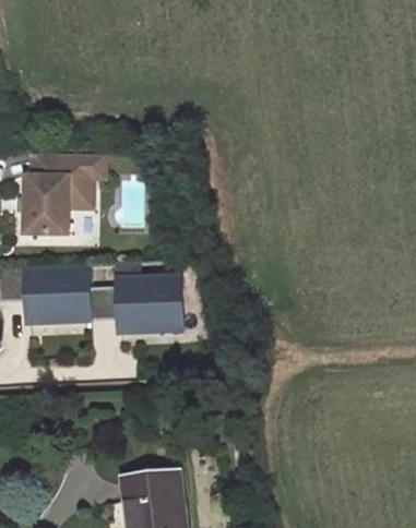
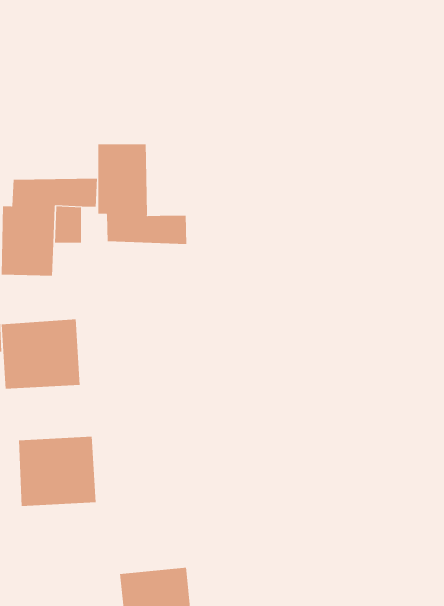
building: none -> [98,144,187,245]
building: [118,277,182,335] -> [18,436,96,506]

